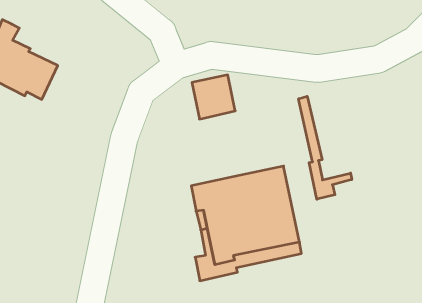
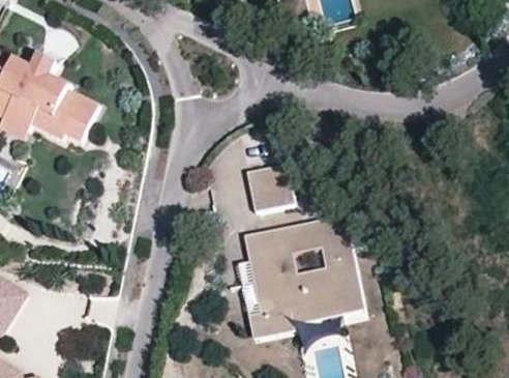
building: [192,75,235,119] -> [245,164,293,212]
building: [299,96,352,199] -> none

